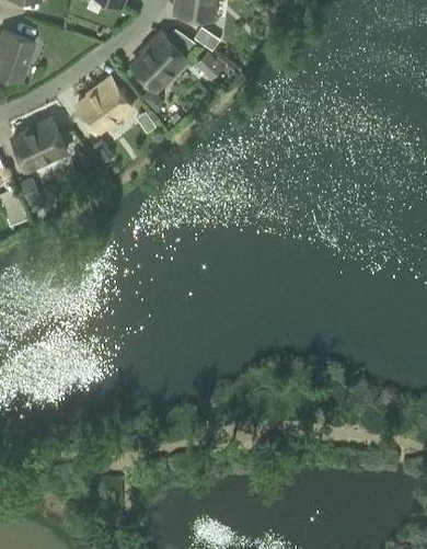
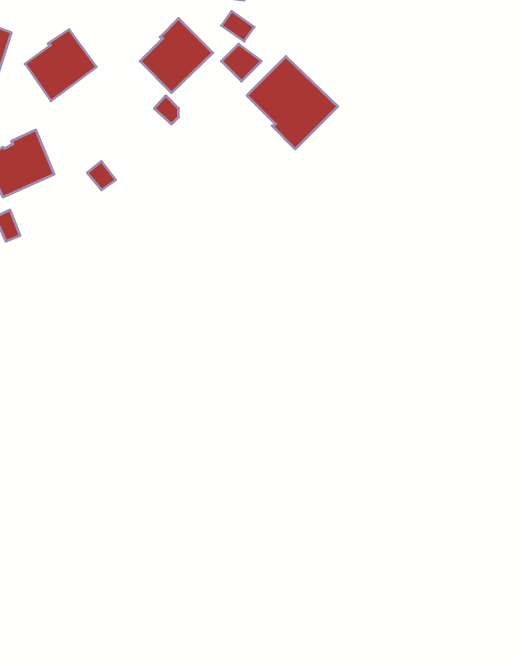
building: none -> [247,56,338,149]
building: [77,78,131,133] -> [25,30,96,101]

